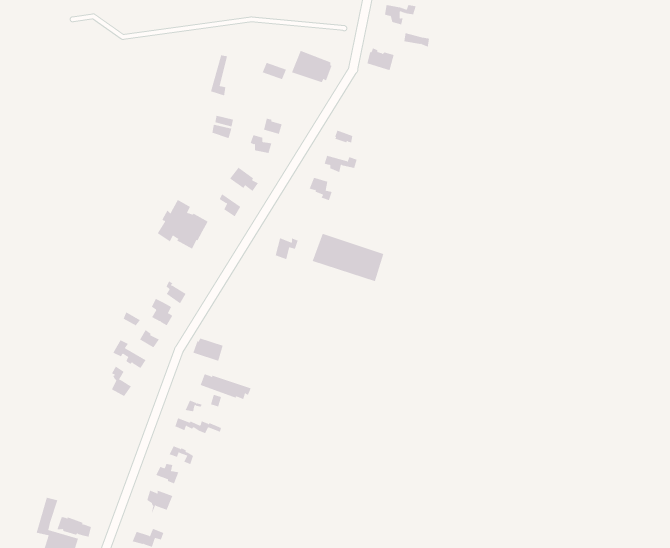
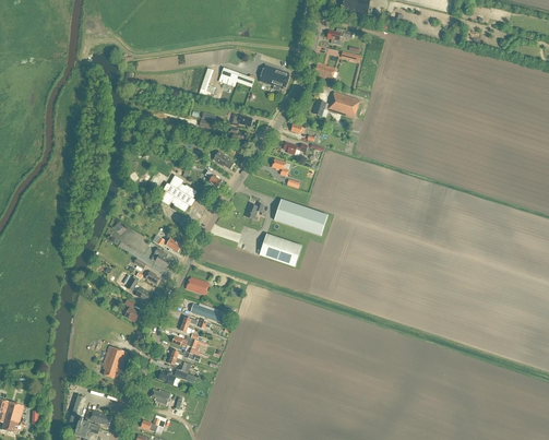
building: none -> [314,92,360,119]
building: none -> [259,234,301,266]
building: none -> [98,346,127,379]

